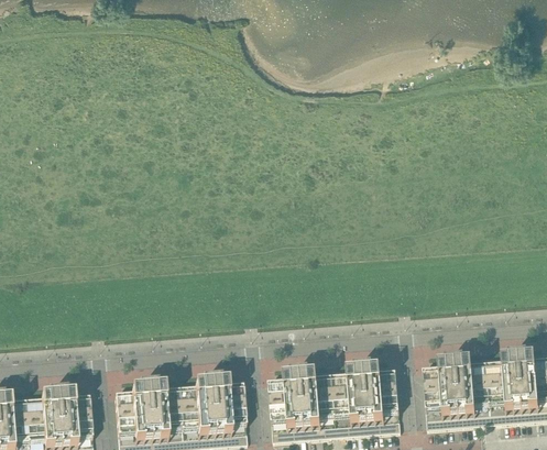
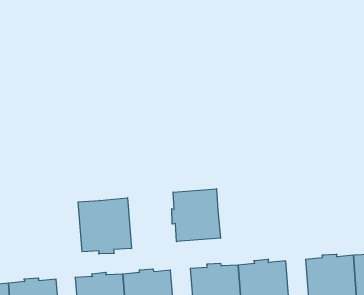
building: none -> [172,189,220,242]
building: none -> [78,198,131,254]

